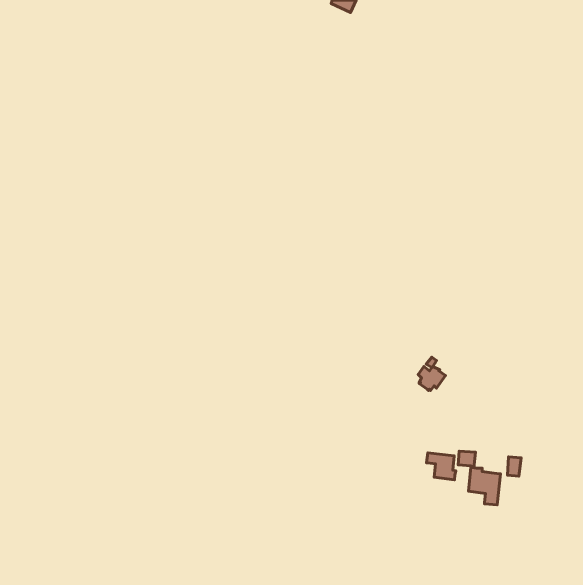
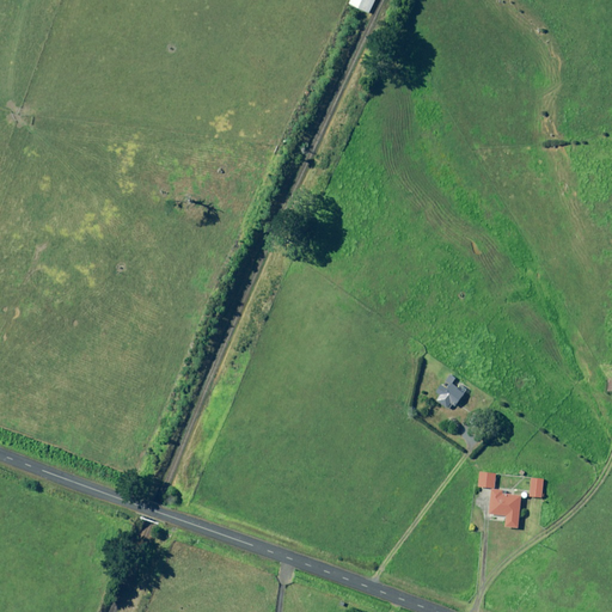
building: [427,453,456,480] -> none

